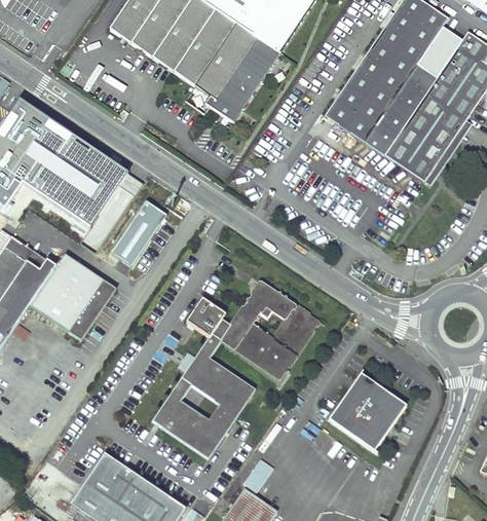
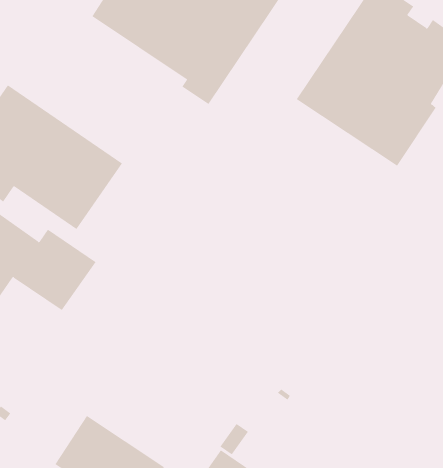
building: [111,199,168,267] -> none
building: [152,282,320,459] -> none
building: [331,370,409,447] -> none

